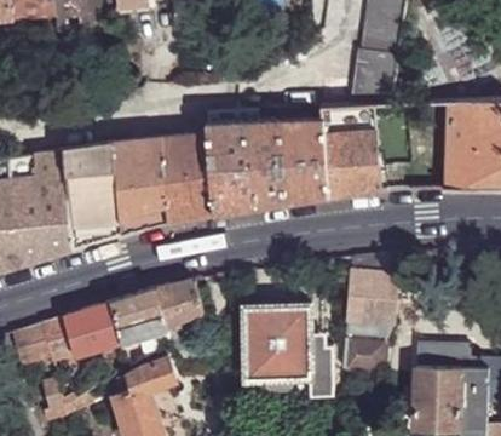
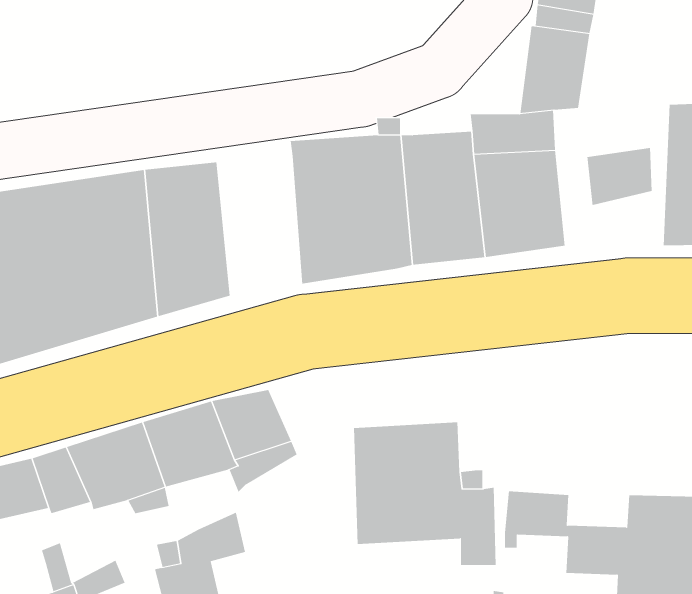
building: none -> [587,147,652,206]
building: [159,134,212,223] -> none
building: [344,275,393,326] -> none

